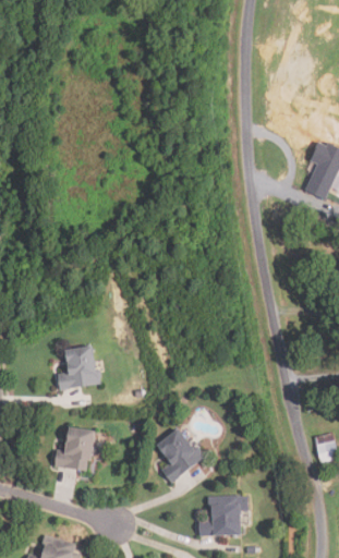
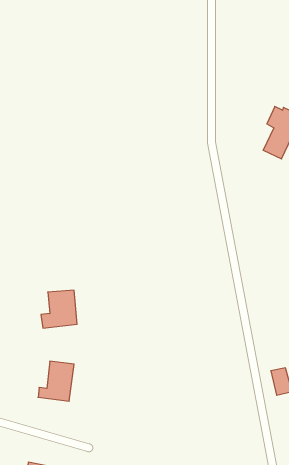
building: [156,427,202,481] -> none
building: [197,497,242,535] -> none

